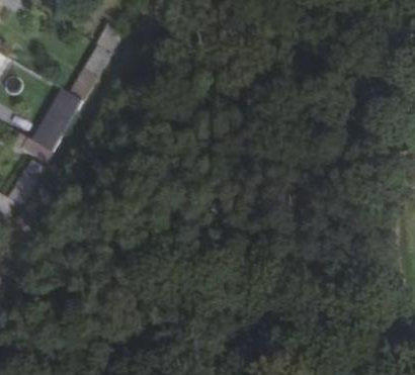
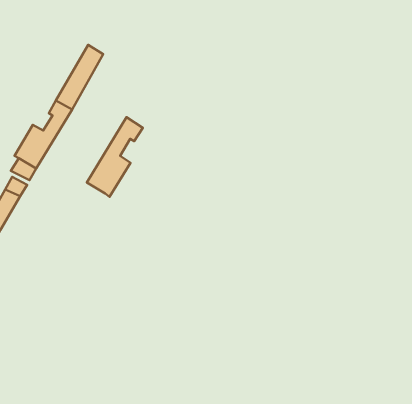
building: none -> [87,117,143,197]

